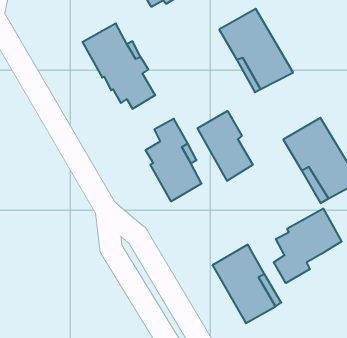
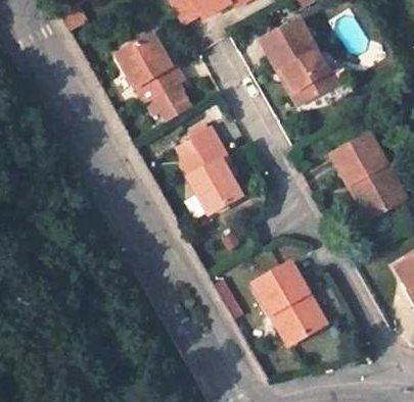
building: [198,111,253,181] -> none
building: [274,208,342,283] -> none

